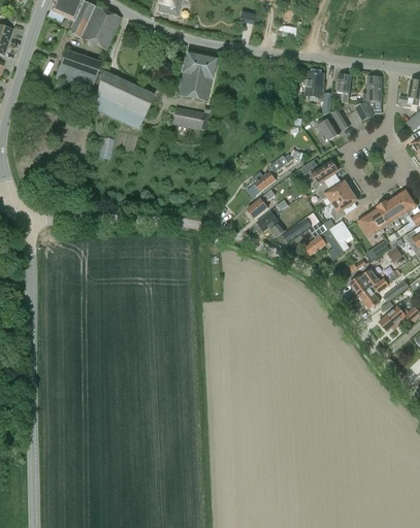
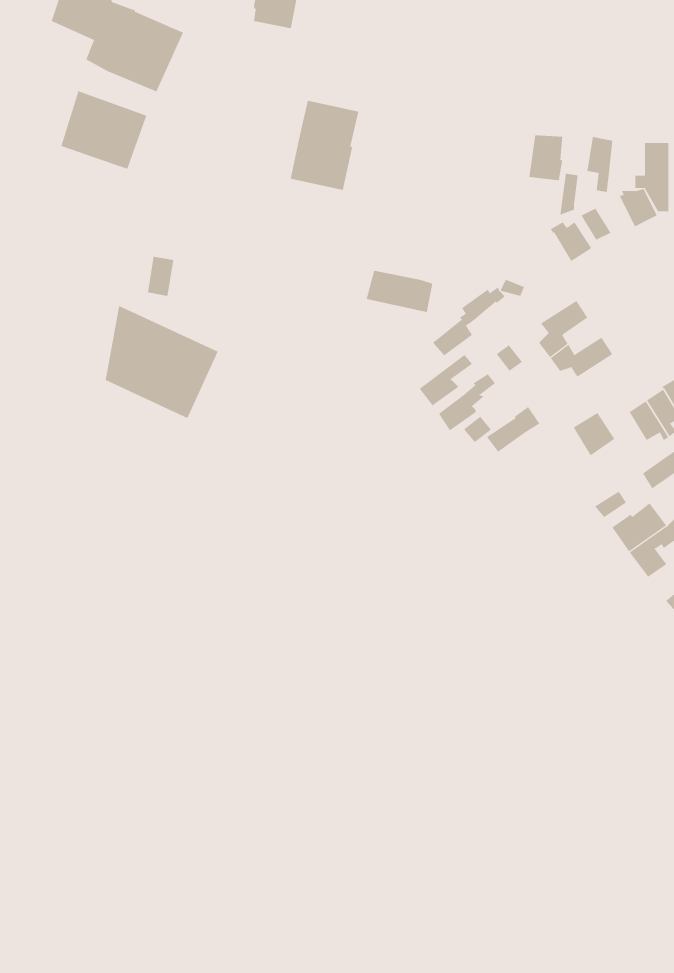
building: [94,69,155,130] -> [105,305,219,419]
building: [172,107,208,130] -> [366,270,433,313]
building: [330,190,357,221] -> none
building: [304,229,344,259] -> none

